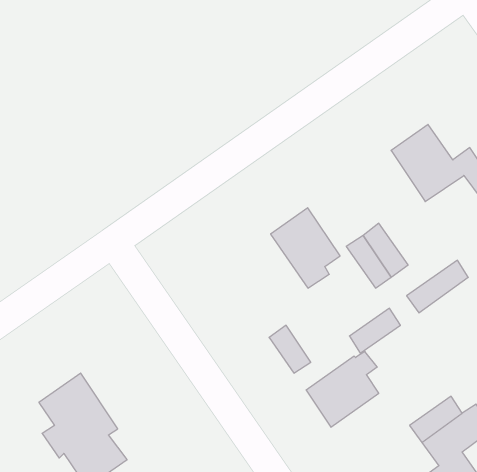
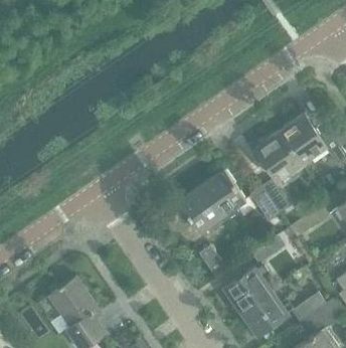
building: none -> [254,133,301,182]
building: none -> [178,187,224,233]
building: none -> [239,291,288,337]

